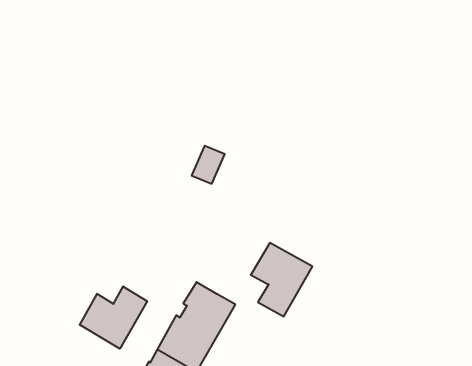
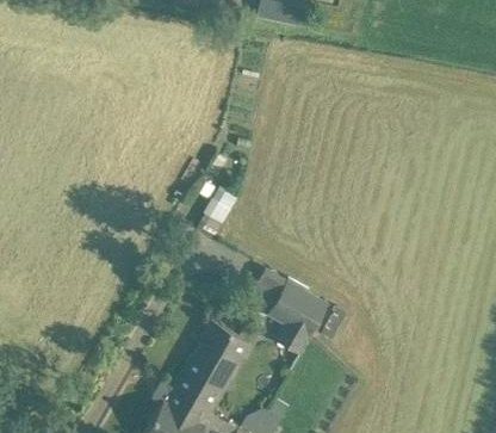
building: [80,286,147,349] -> none

